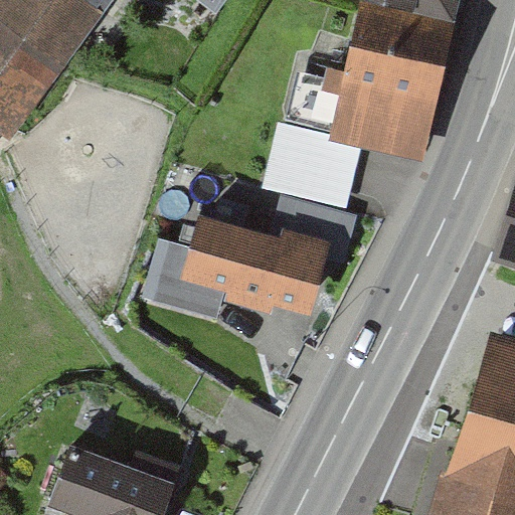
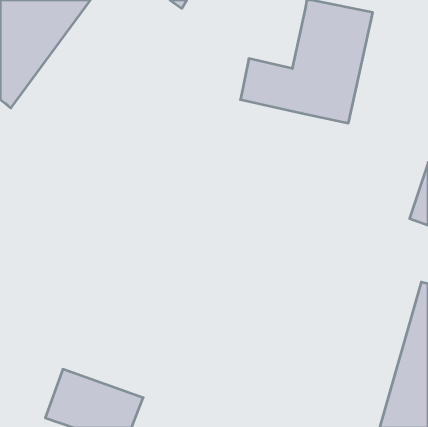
building: [264,119,362,204] -> none
building: [151,208,331,319] -> none

